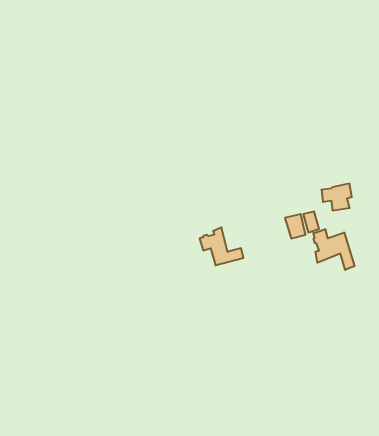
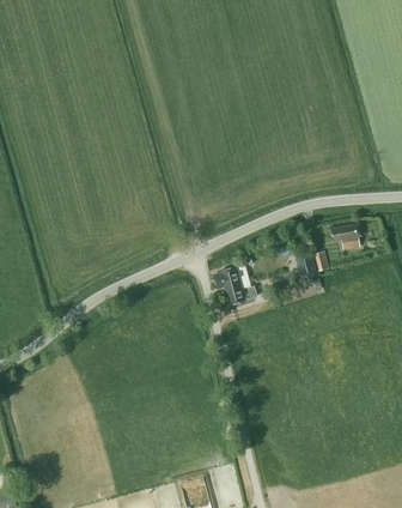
building: [313,229,354,270] -> none

